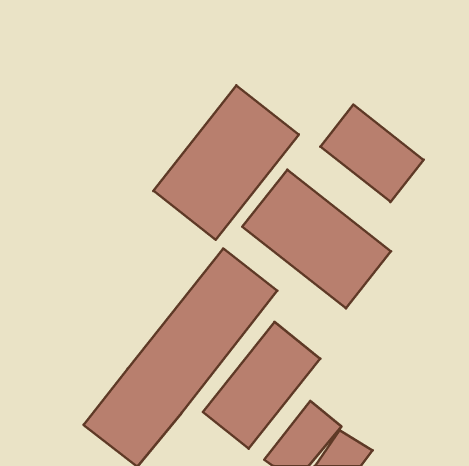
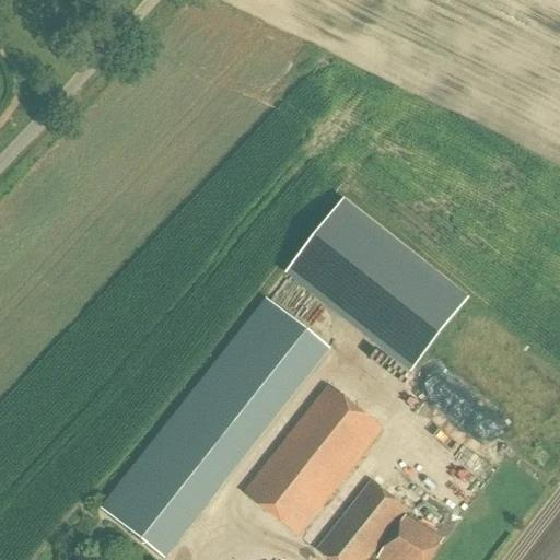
building: [153,85,299,240] -> none
building: [320,105,424,202] -> none

